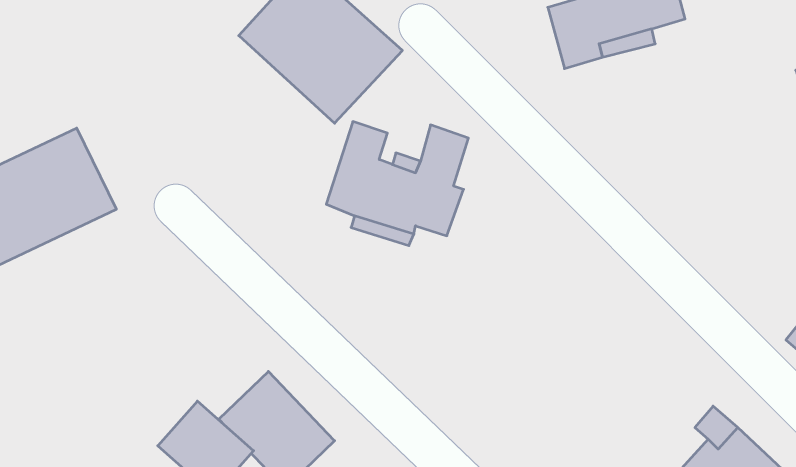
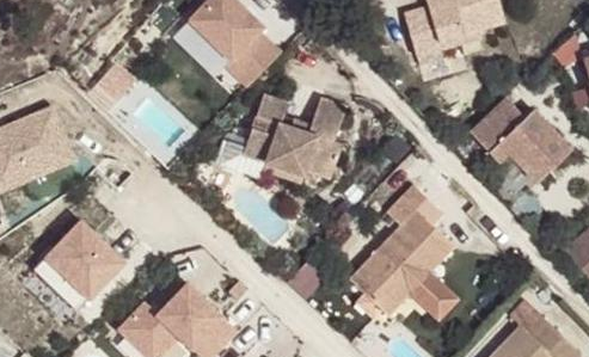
building: none -> [464,97,566,183]
building: none -> [346,185,455,321]
building: none -> [37,213,142,309]

